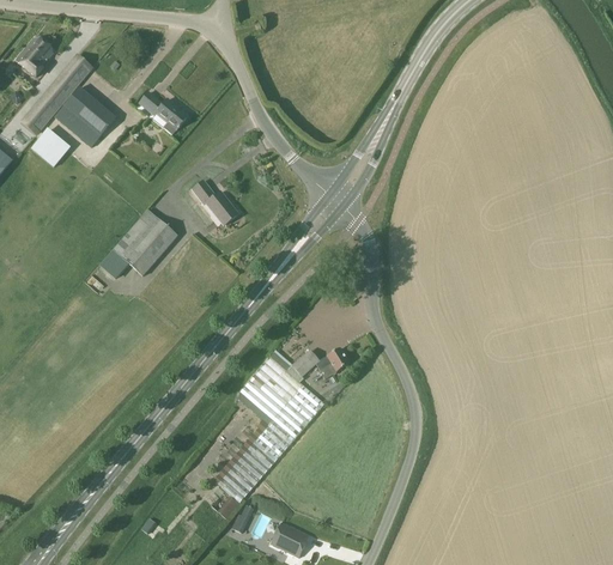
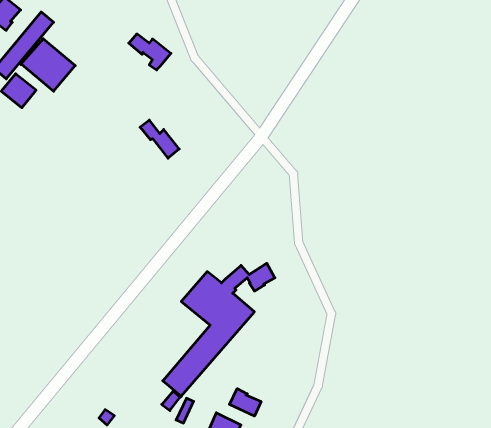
building: [139,92,188,134] -> [129,34,171,70]
building: [99,209,177,279] -> none
building: none -> [229,389,261,416]

